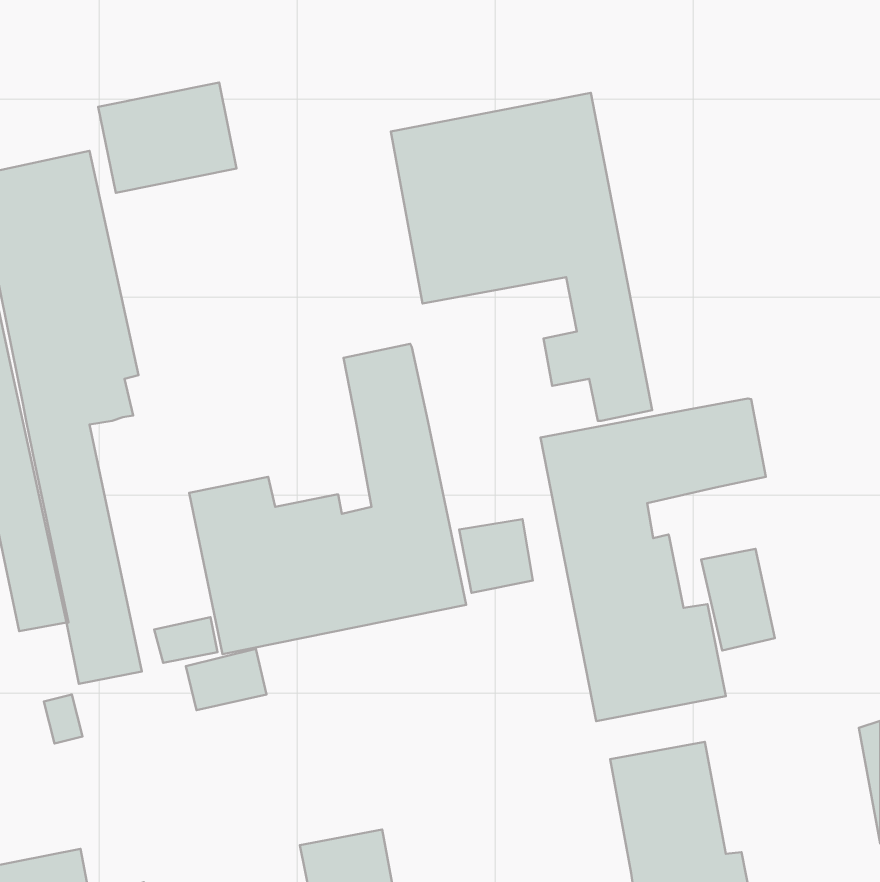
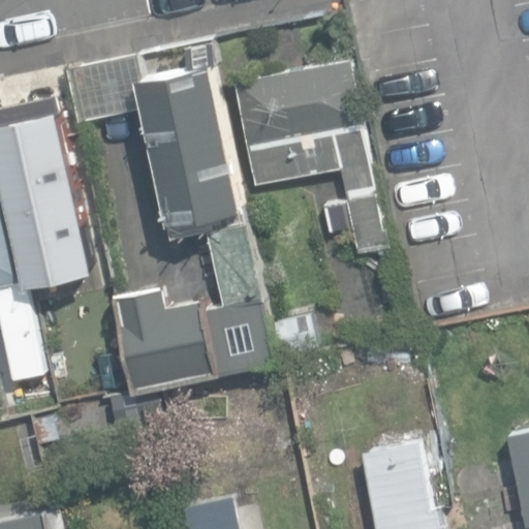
building: none -> [139,50,242,226]
building: [540,399,766,721] -> none

